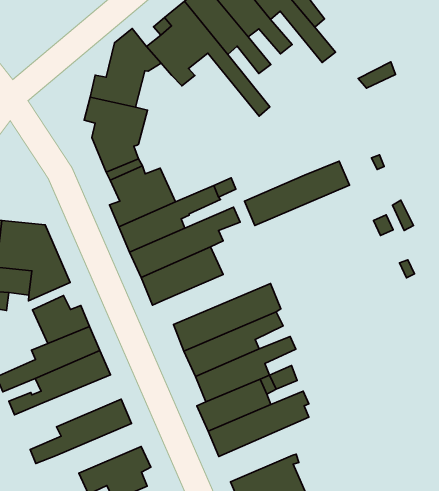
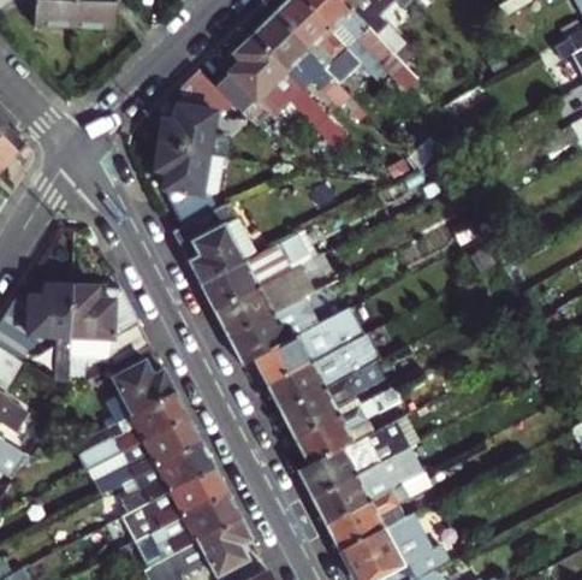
building: [244,161,350,225] -> [251,308,363,384]
building: none -> [107,443,214,519]
building: none -> [323,470,430,549]
building: none -> [148,493,239,558]

